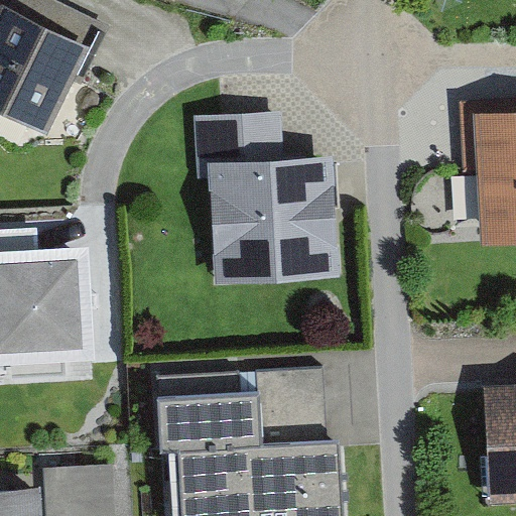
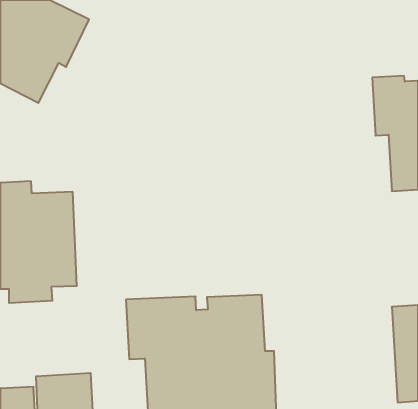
building: [194,117,342,286] -> none

